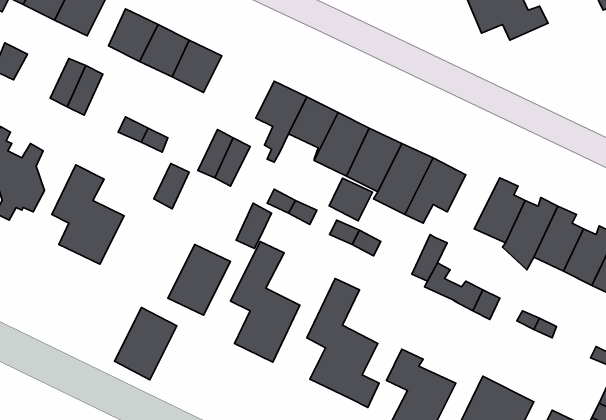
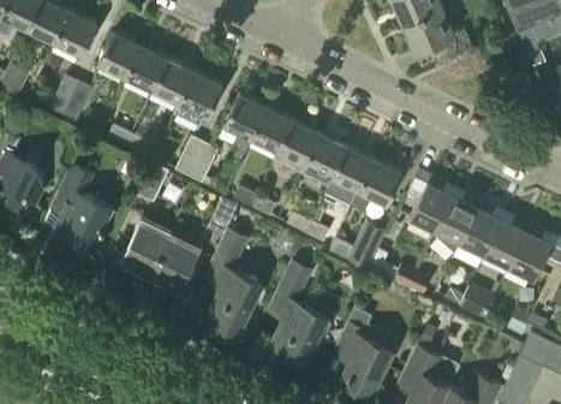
building: none -> [173,72,222,126]
building: [329,178,372,221] -> none
building: [114,307,177,380] -> [119,216,172,278]

